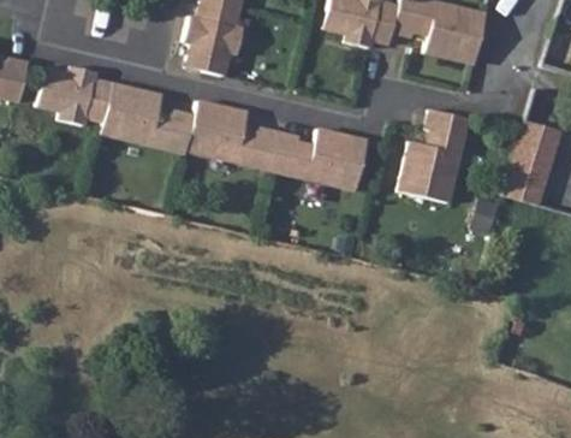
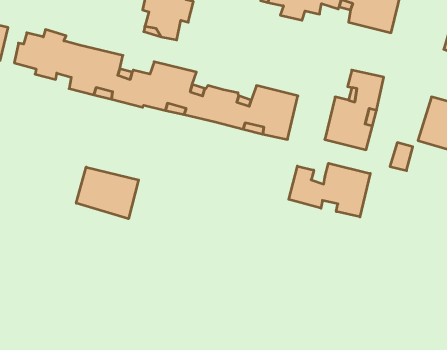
building: none -> [289,163,370,217]
building: none -> [76,167,139,219]

